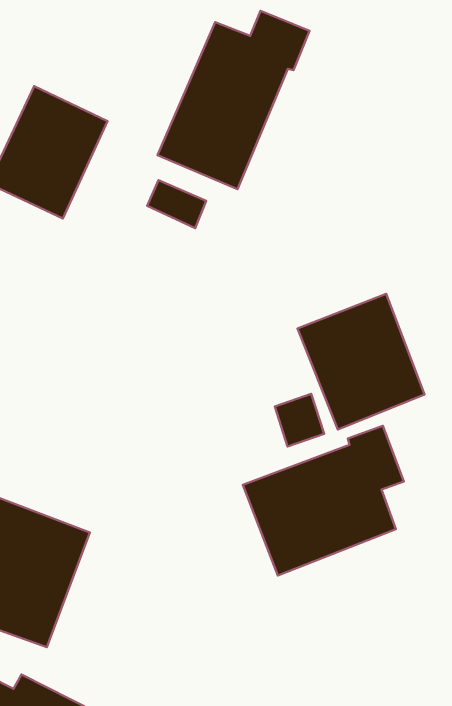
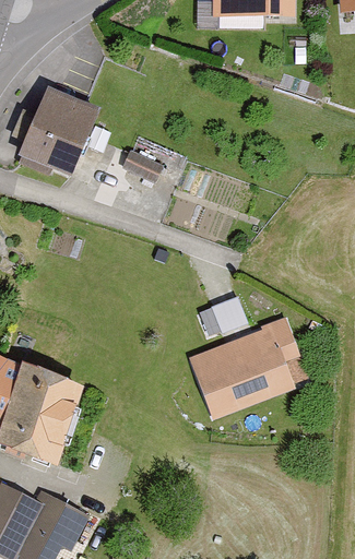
building: [158,11,310,189] -> none
building: [298,294,425,429] -> none

